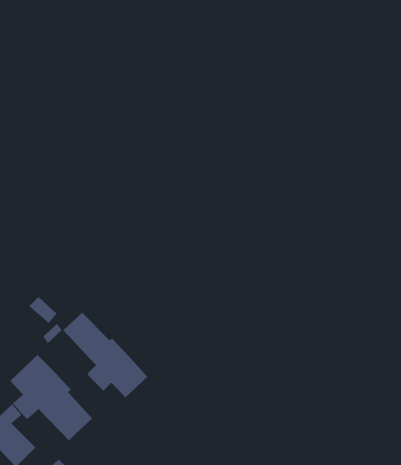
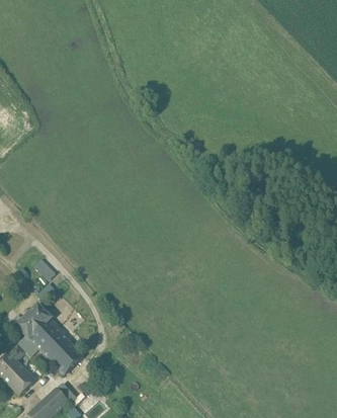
building: [63,312,148,398] -> none

